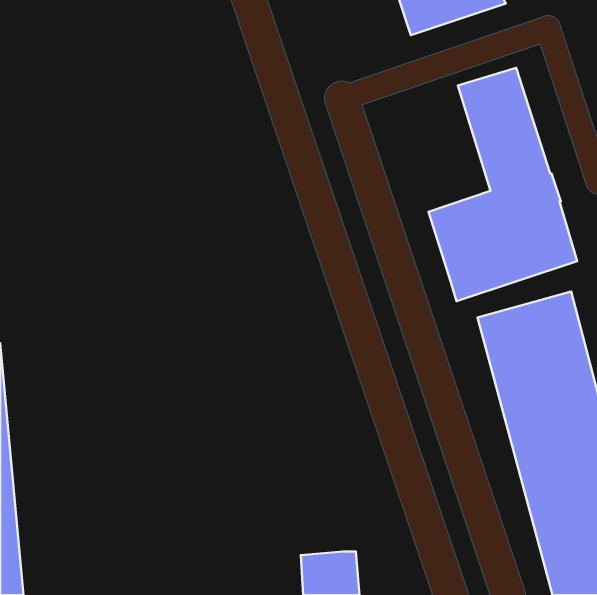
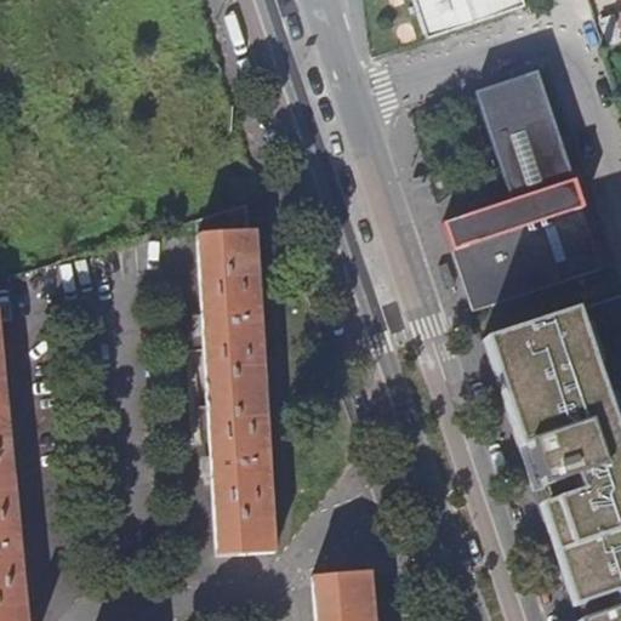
building: none -> [196,201,274,553]

